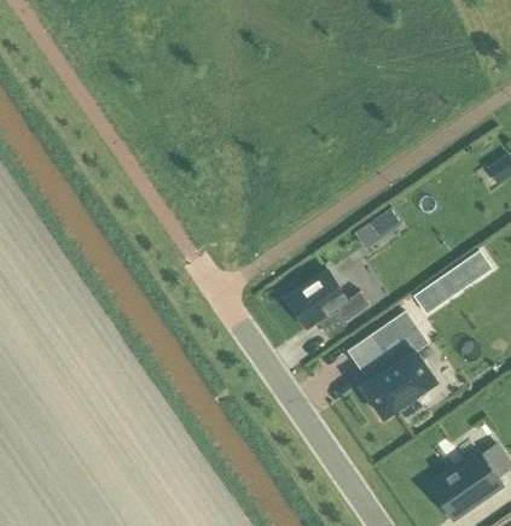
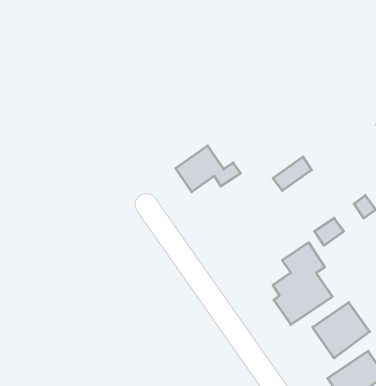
building: [288,269,371,328] -> [176,146,241,192]
building: none -> [313,302,370,358]

